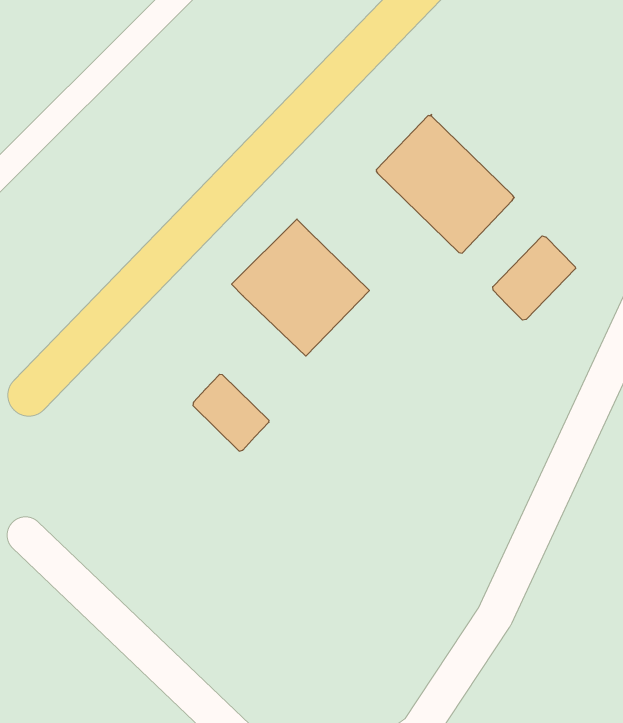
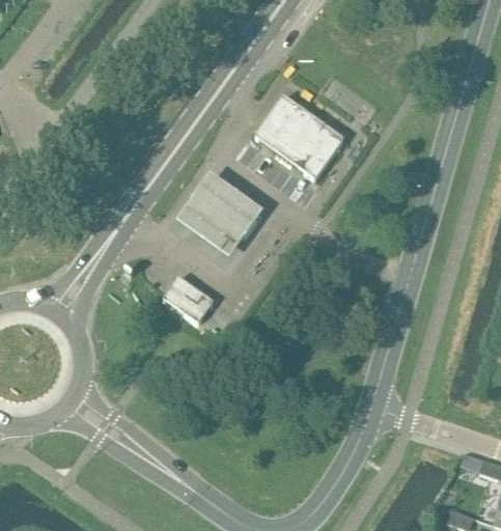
building: [493,236,576,320] -> none

